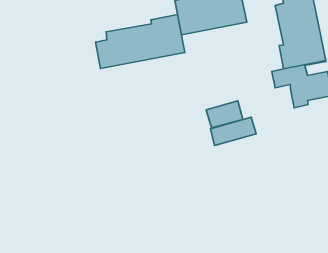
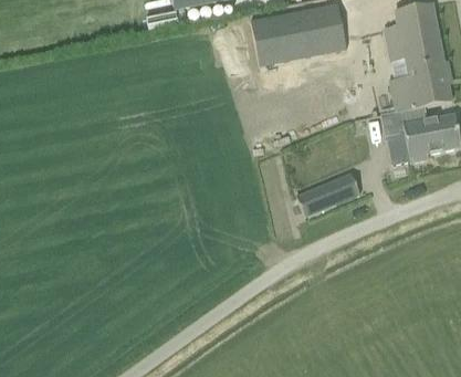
building: [96,14,185,69] -> none
building: [206,101,243,128] -> none

